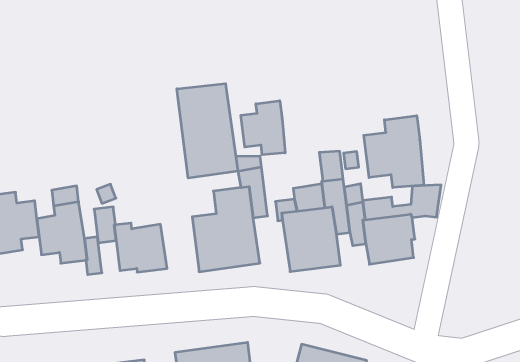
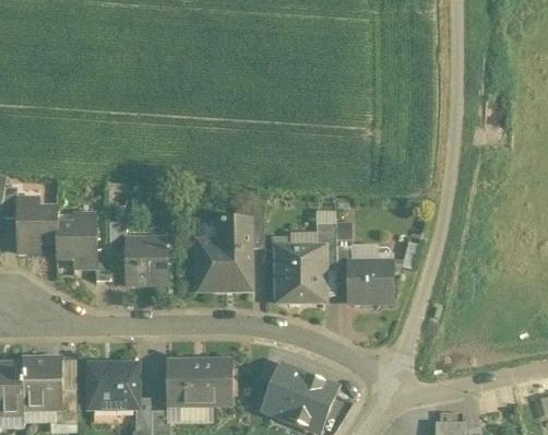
building: [177,84,238,178] -> none
building: [241,101,285,155] -> none
building: [364,116,424,188] -> none

